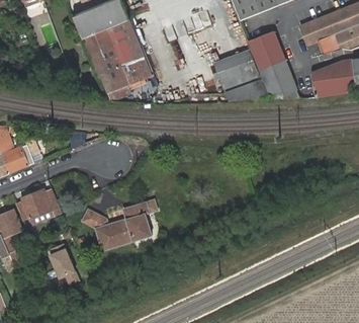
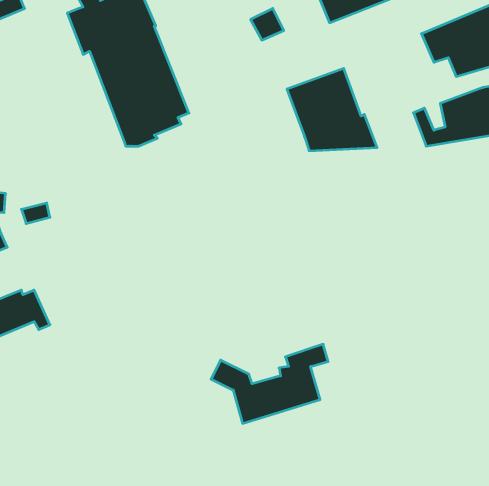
building: [251,34,299,98] -> none
building: [83,197,158,248] -> [211,344,328,423]
building: [46,242,75,279] -> none

